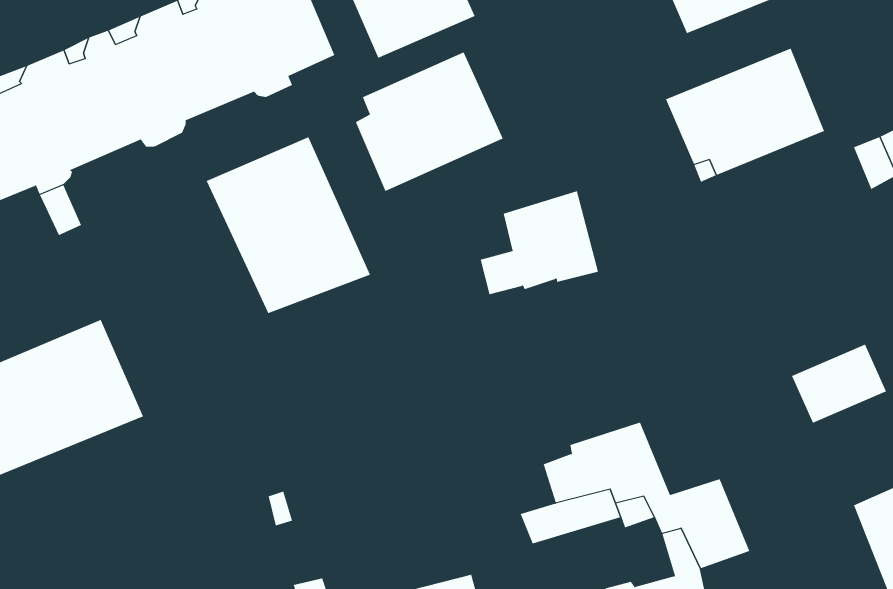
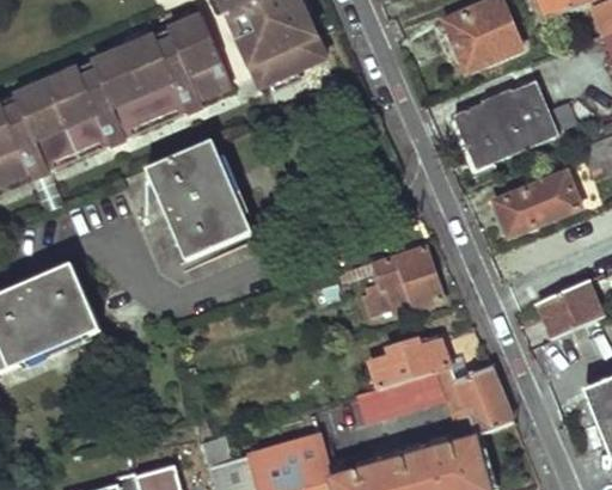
building: [355,51,503,192] -> none
building: none -> [494,172,580,237]
building: [480,190,599,295] -> [362,245,442,316]

